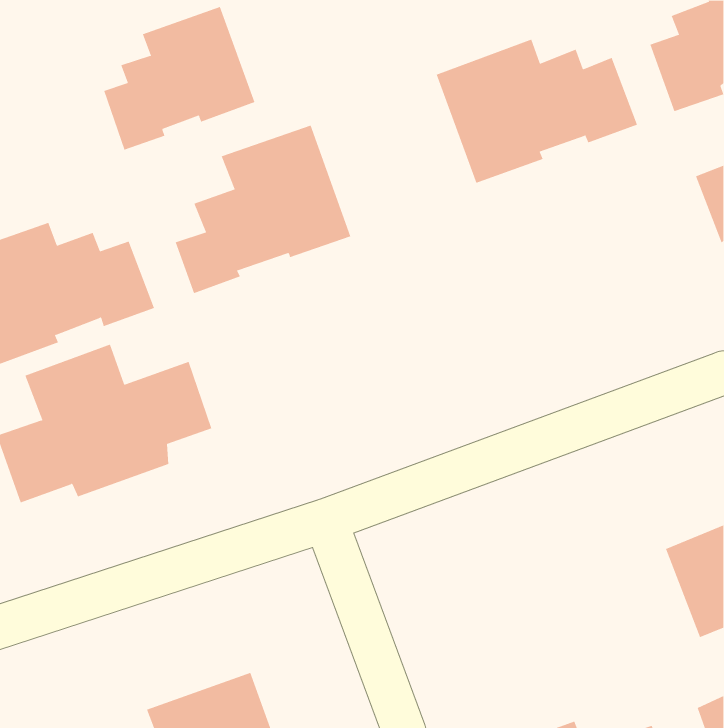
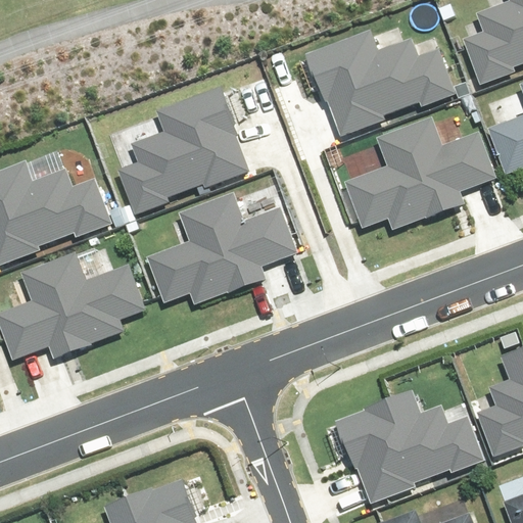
building: [103,6,255,151] -> none
building: none -> [347,121,487,228]
building: none -> [153,198,293,305]
building: none -> [326,392,484,505]

